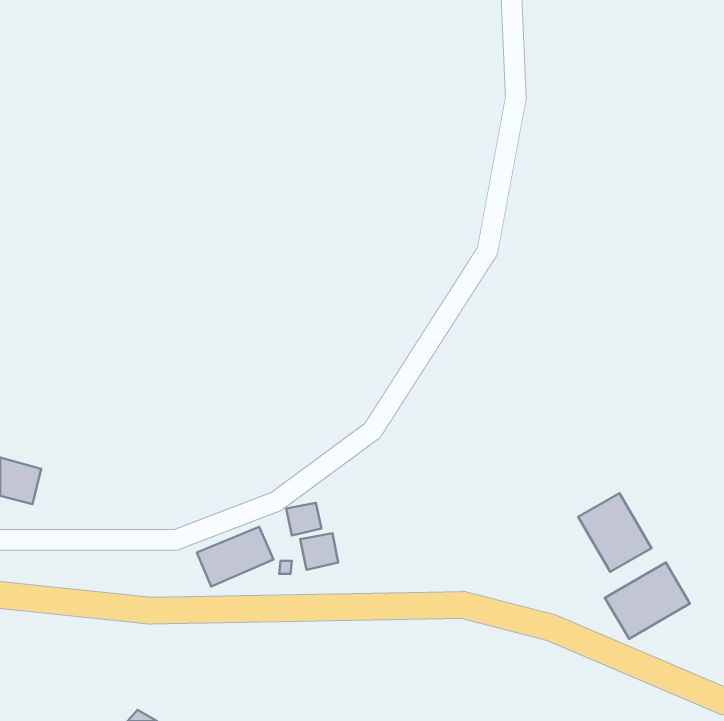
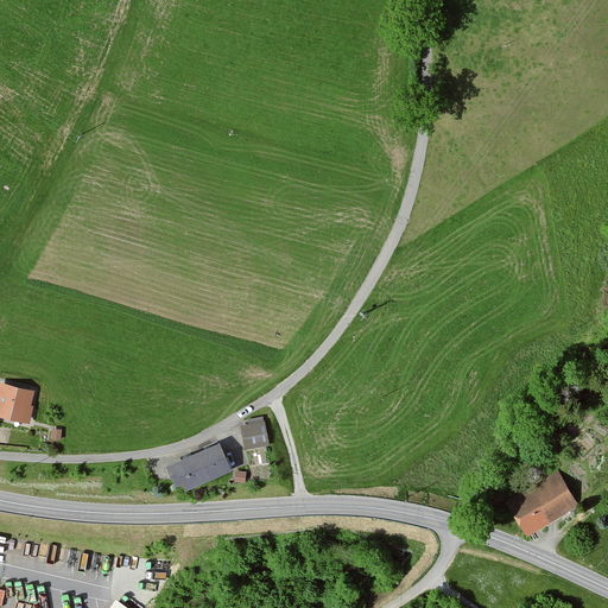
building: [578,493,651,572] -> none
building: [300,533,338,570] -> none

